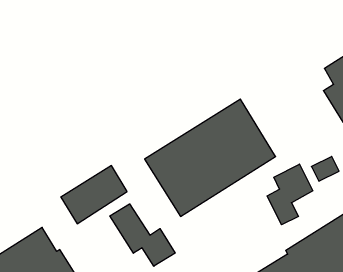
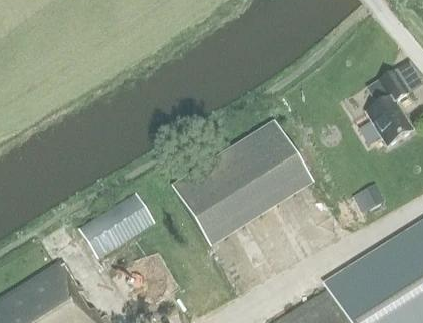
building: [267,164,313,225] -> none
building: [110,204,175,266] -> none

